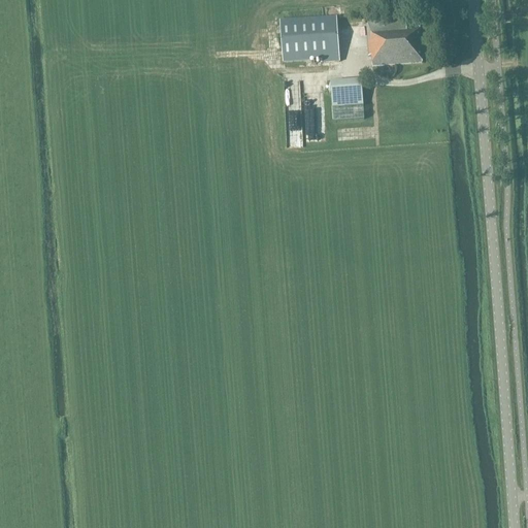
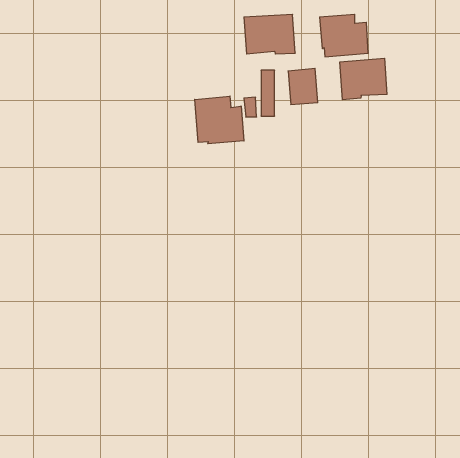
building: none -> [340,58,387,100]
building: none -> [195,96,244,144]

